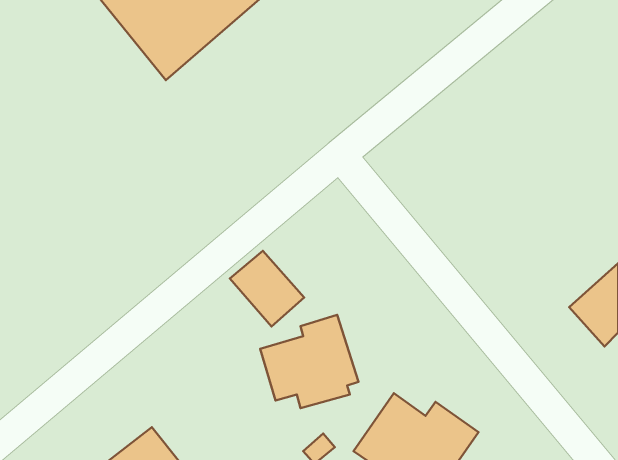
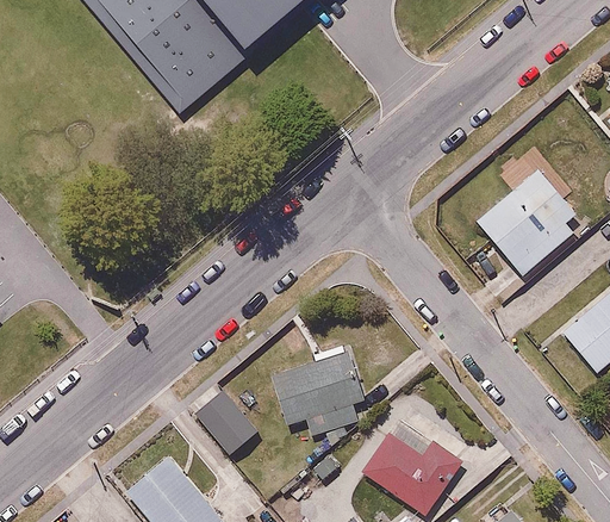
building: none -> [477,163,580,279]
building: [230,251,304,326] -> [192,386,262,458]

